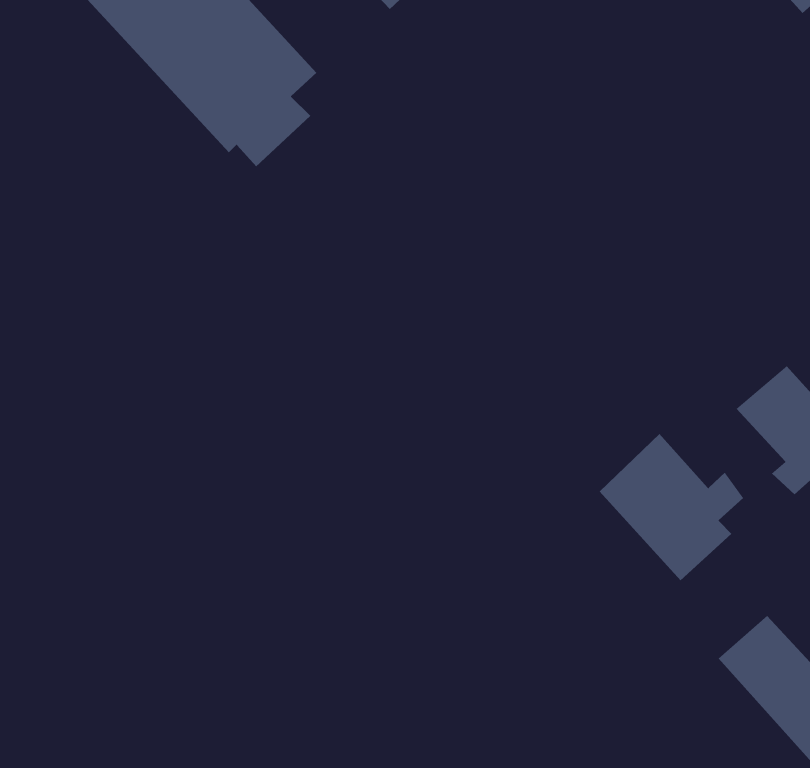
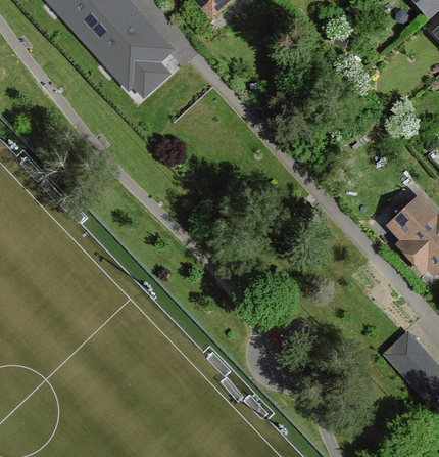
building: [599,433,744,581] -> none

